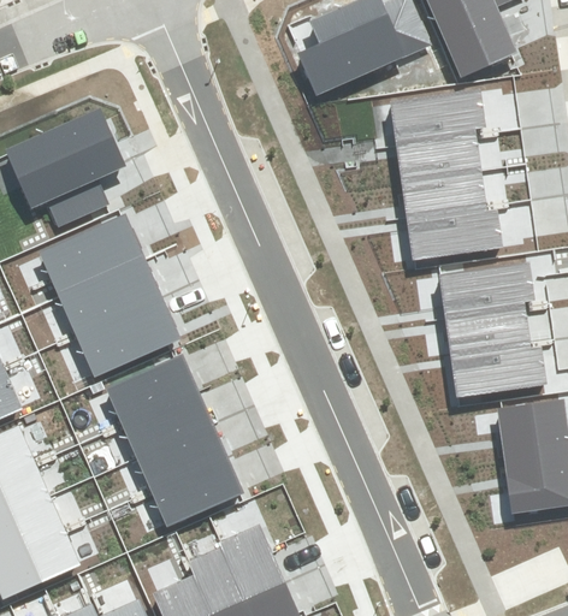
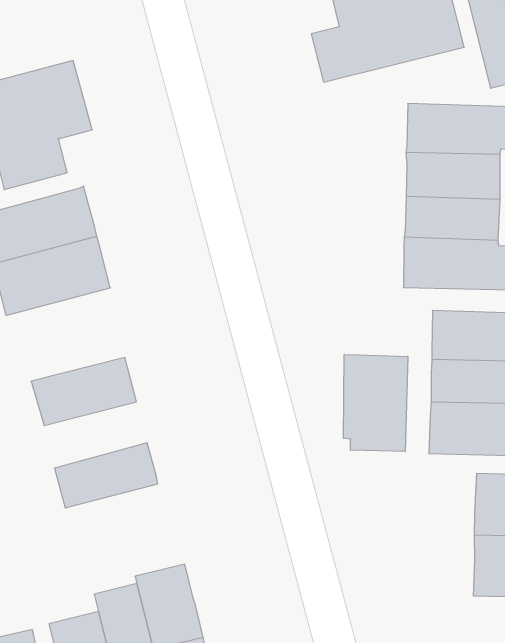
building: [76,297,181,377] -> none
building: none -> [343,354,408,452]
building: [123,391,213,458] -> none
building: [152,458,243,527] -> none

